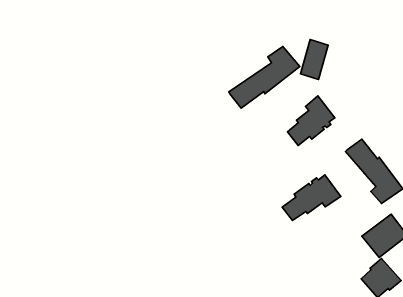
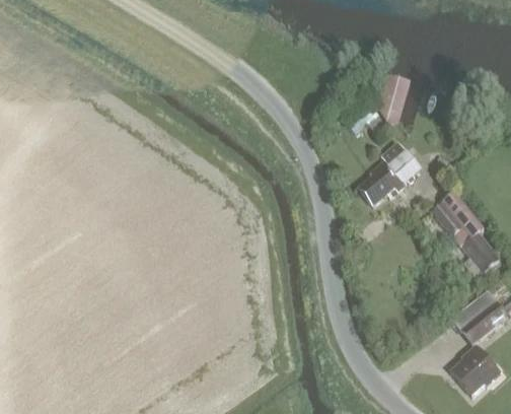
building: [229,47,300,108] -> none
building: [282,175,341,220] -> none

